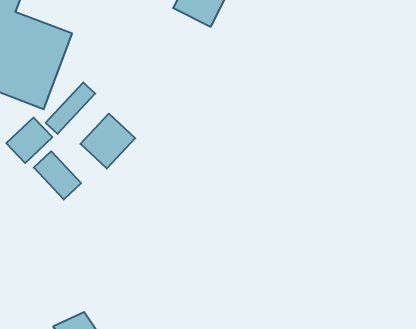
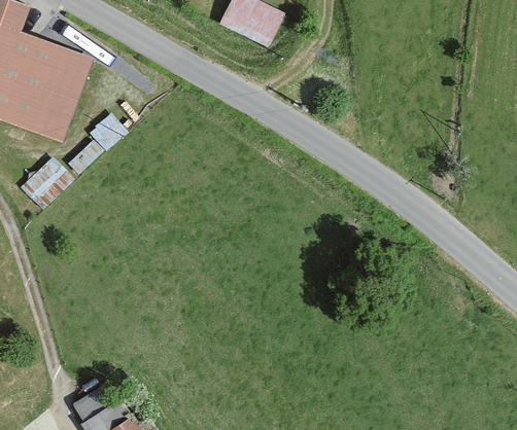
building: [80,114,135,169] -> none
building: [34,151,81,200] -> none

